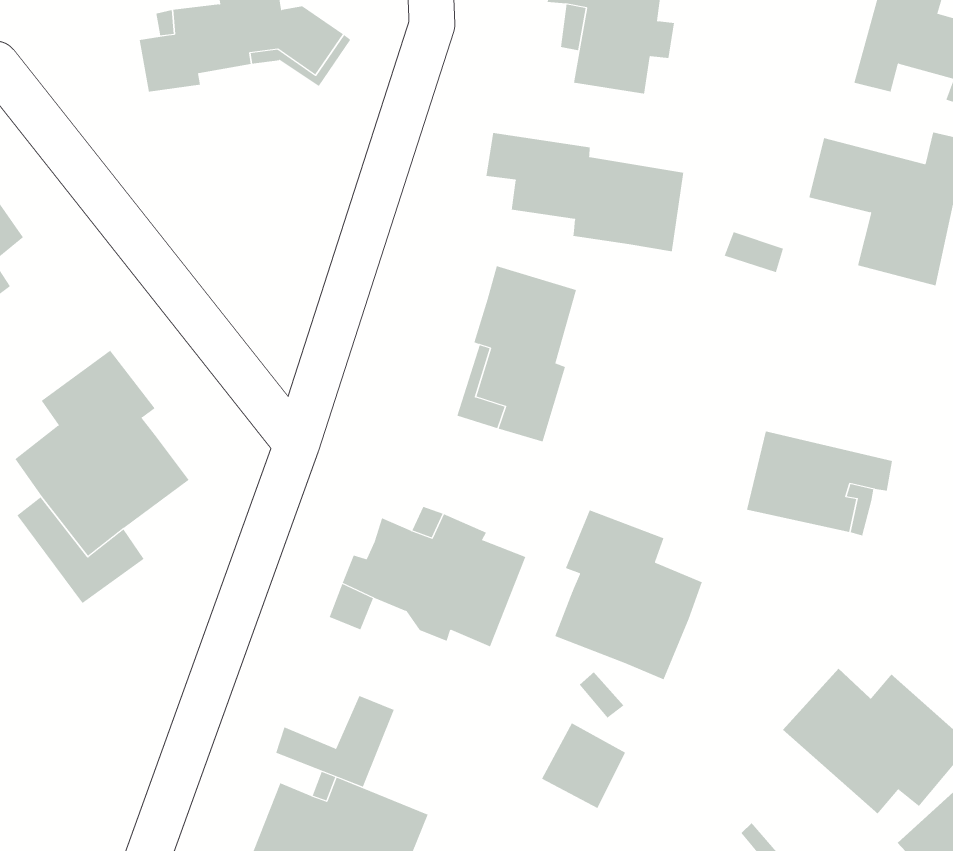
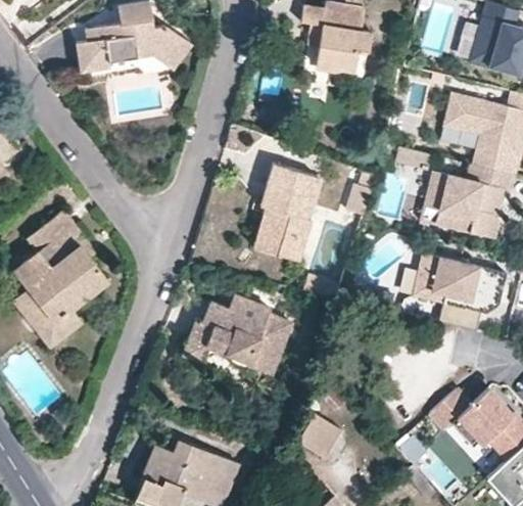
building: [486,132,684,252] -> none
building: none -> [427,165,513,239]
building: [554,510,703,680] -> none
building: [275,695,394,787] -> none

